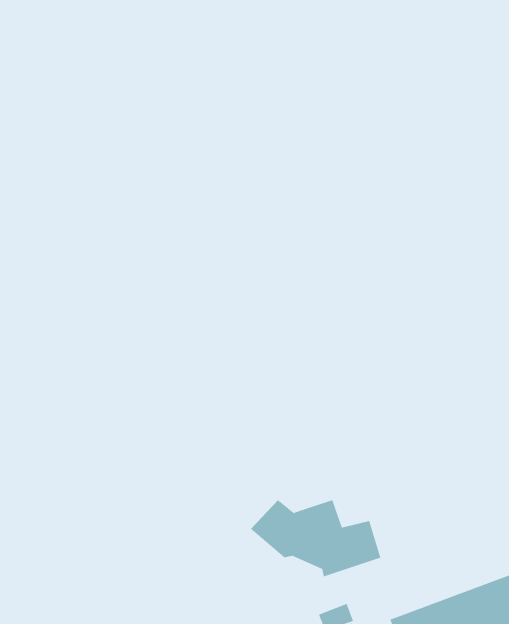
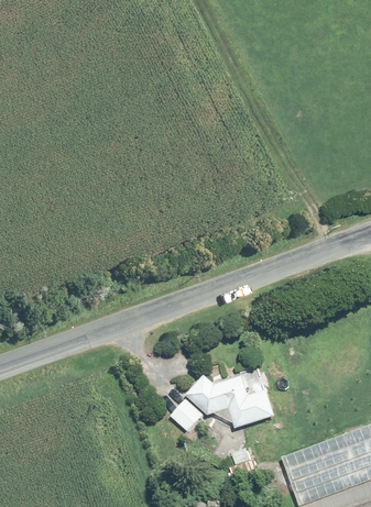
building: none -> [171,399,204,432]

